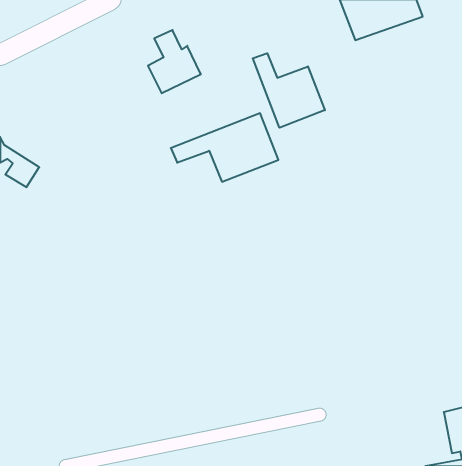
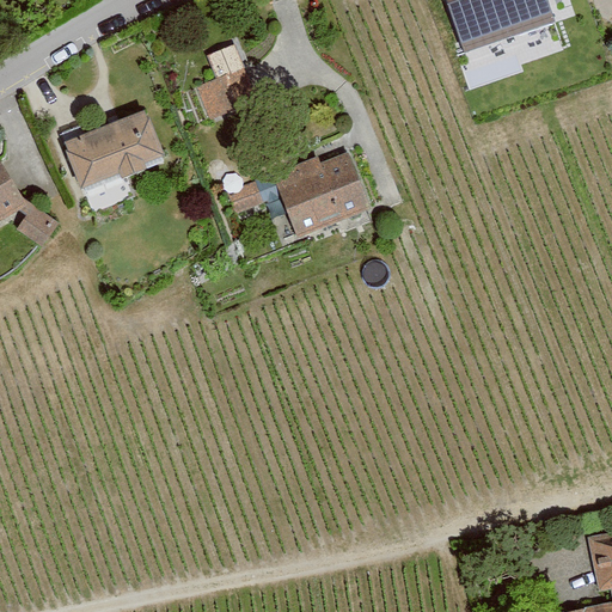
building: [253,53,325,128] -> none
building: none -> [60,109,160,189]

